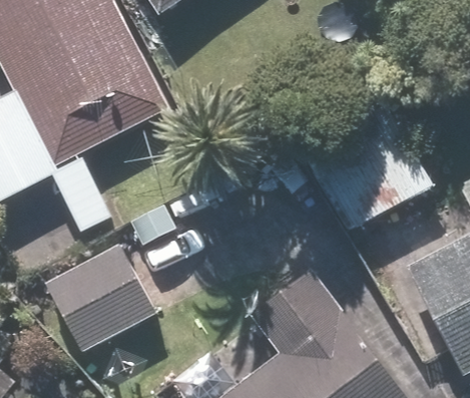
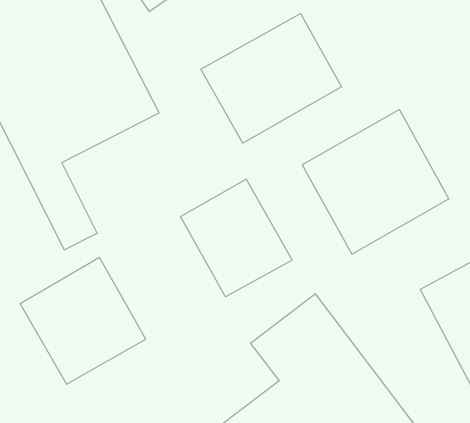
building: none -> [201,14,341,143]
building: none -> [180,179,292,297]

